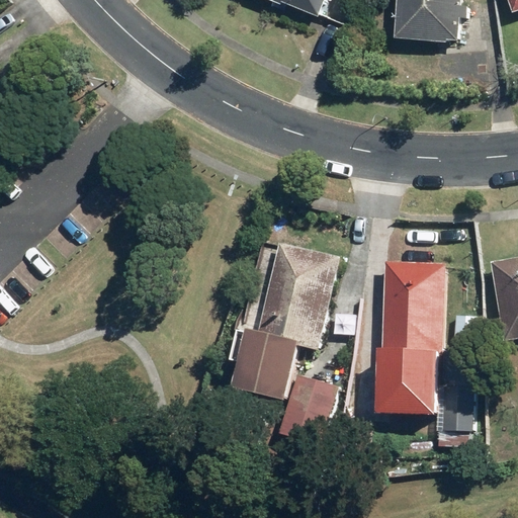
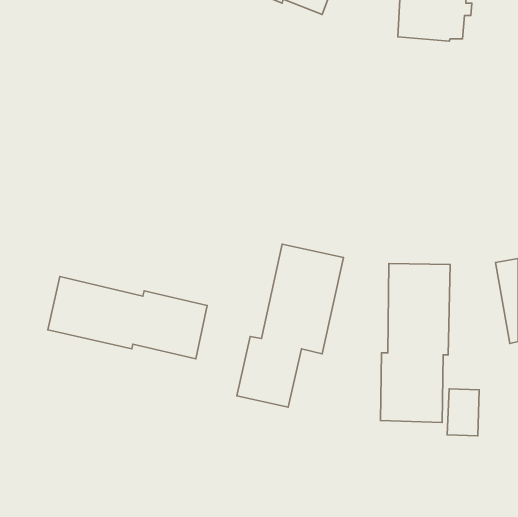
building: none -> [48,277,207,359]
building: [279,371,337,442] -> none

